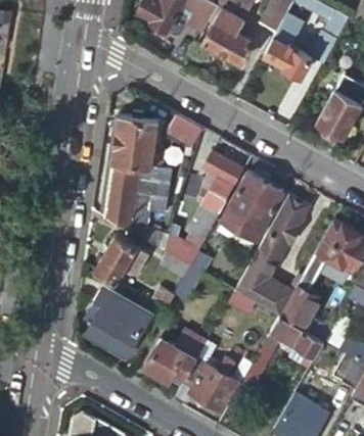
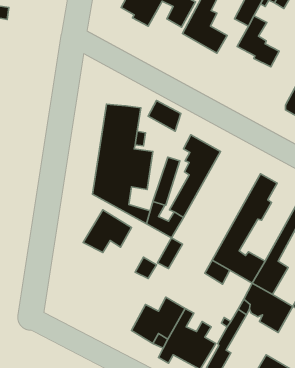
building: [231,174,284,236] -> none
building: [93,289,150,357] -> none

